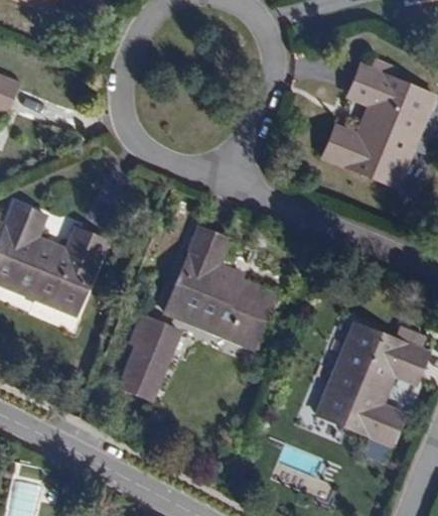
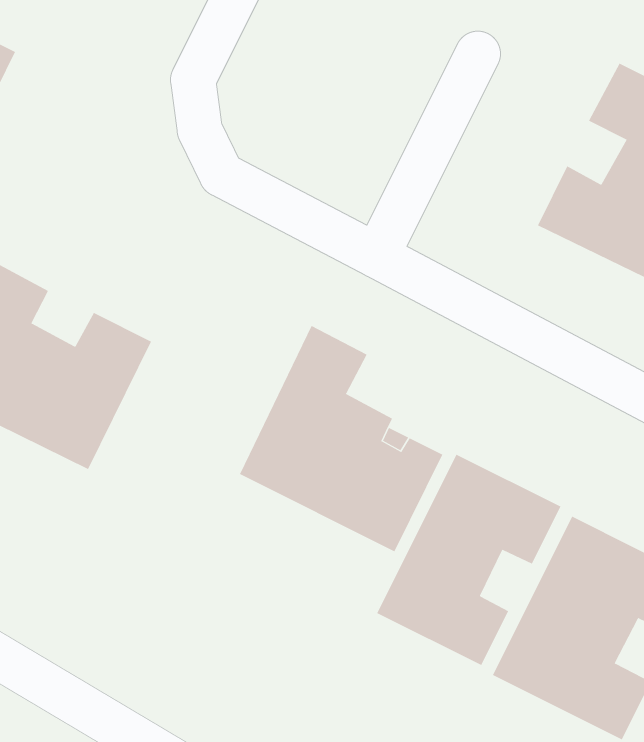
building: none -> [377,454,561,666]
building: [117,313,181,402] -> none

